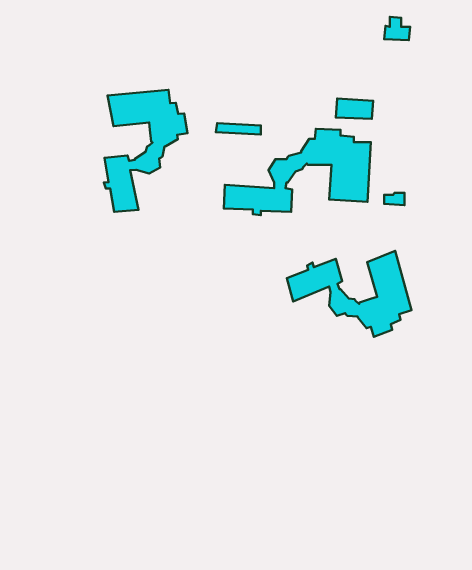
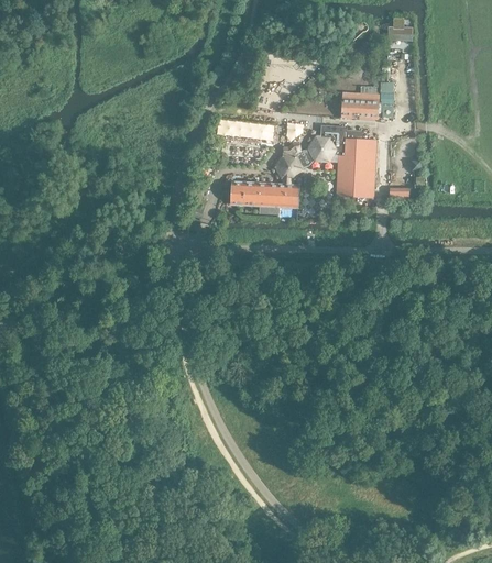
building: [104,90,188,212] -> none
building: [287,251,412,337] -> none

